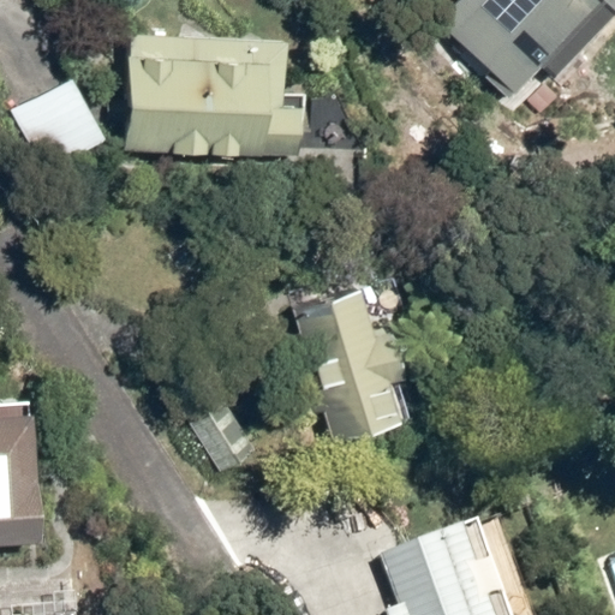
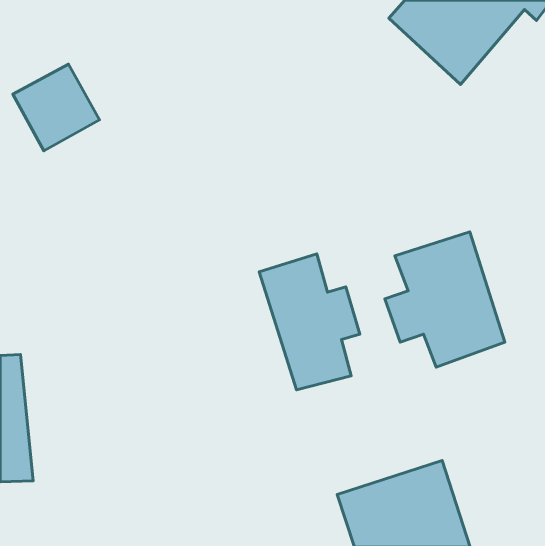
building: [121,31,297,155] -> none
building: none -> [385,232,505,367]

